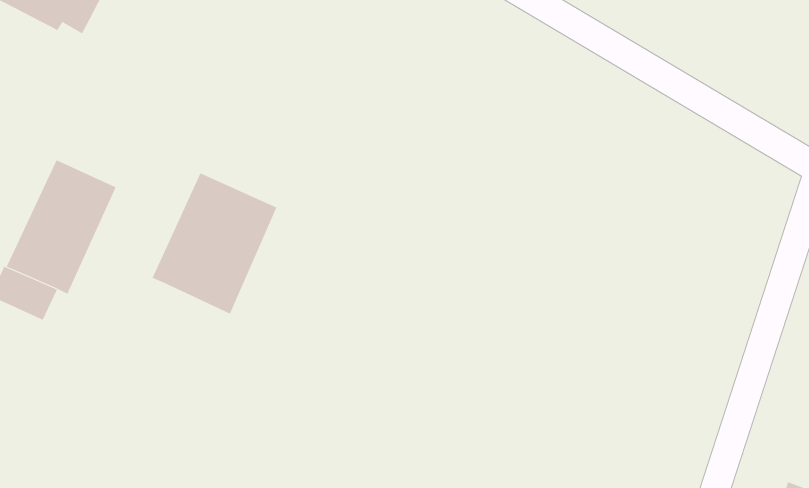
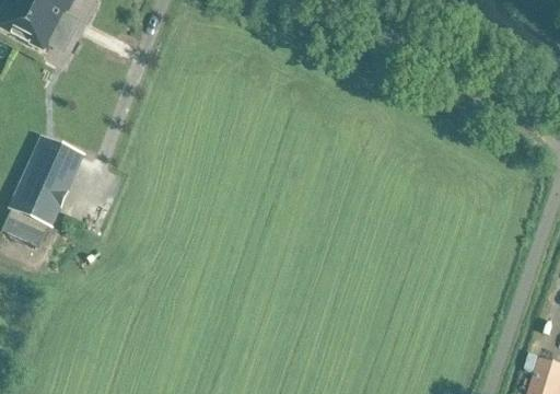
building: [152,172,277,314] -> none

